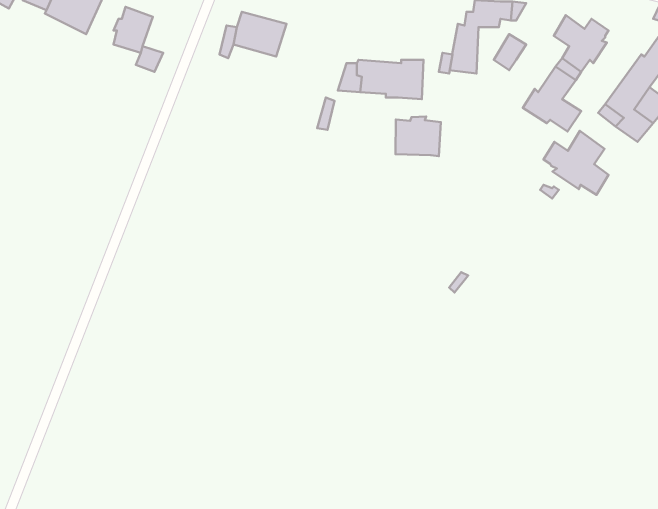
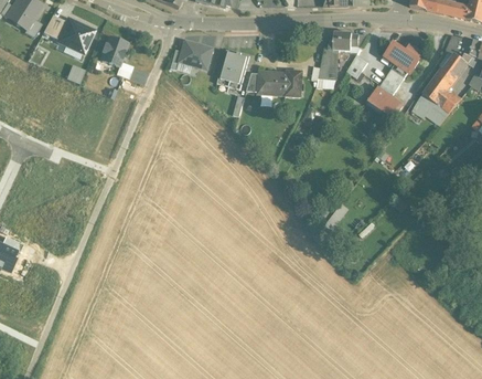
building: none -> [217,48,249,87]
building: [396,116,441,156] -> none
building: [544,131,608,195] -> none

